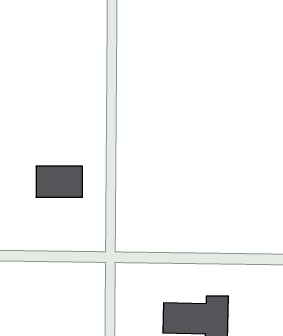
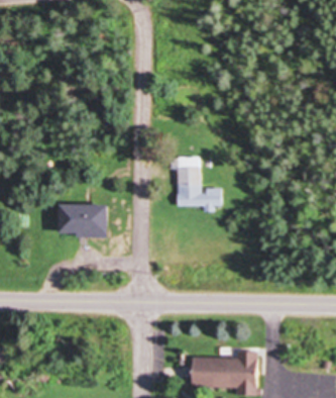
building: none -> [176,160,221,211]

